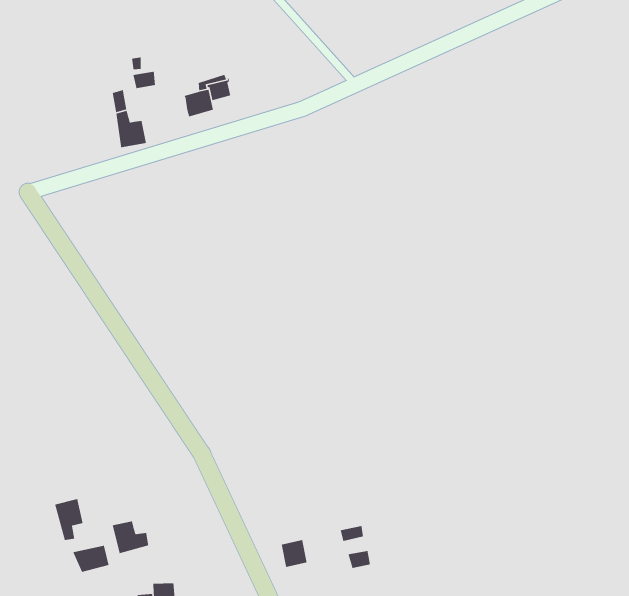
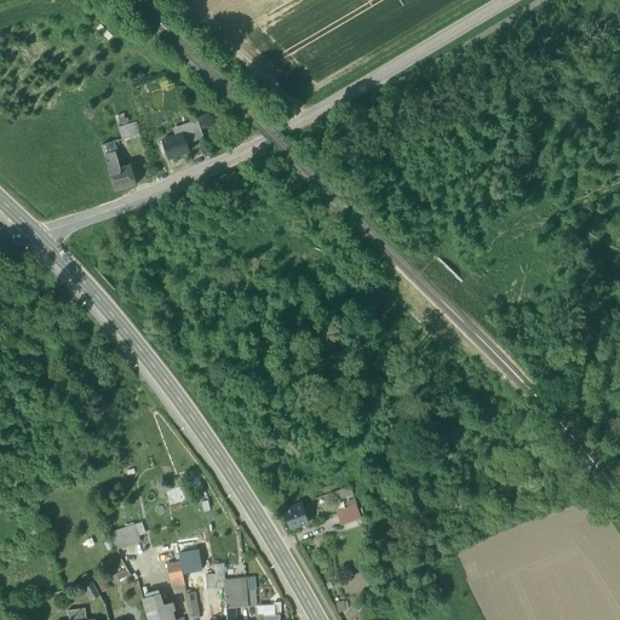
building: [54,498,83,541] -> none
building: [112,521,149,554] -> none

